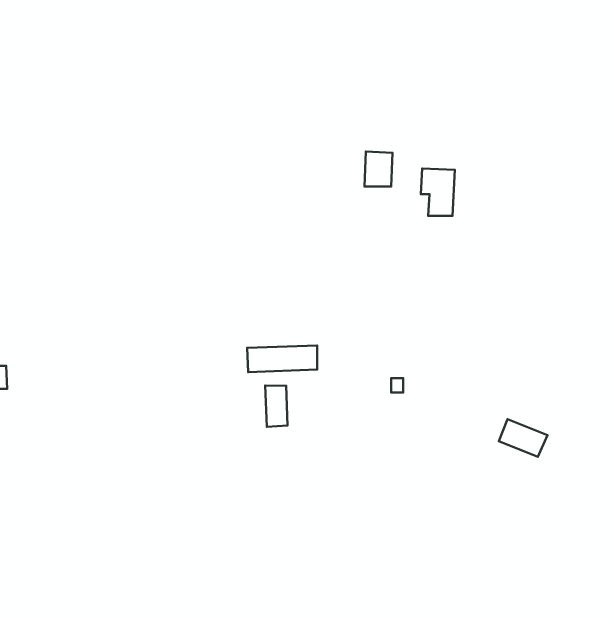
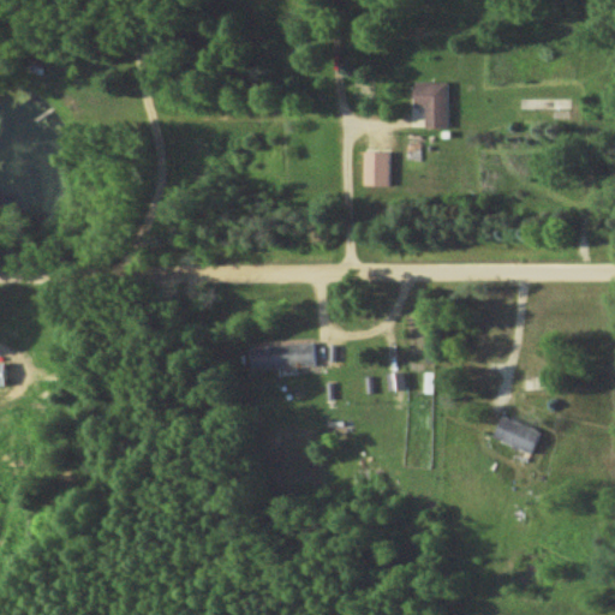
building: [421,169,455,216] -> [414,82,448,129]
building: [265,386,288,427] -> none

